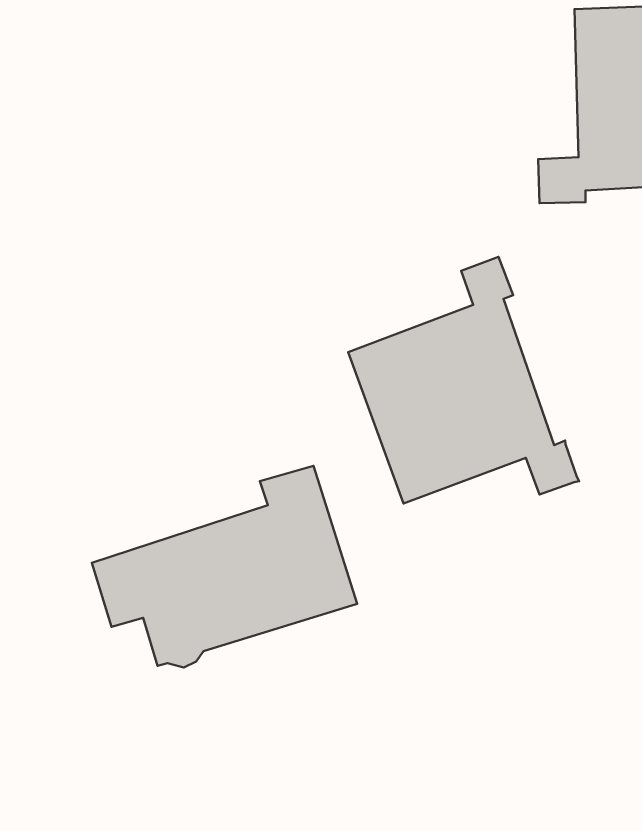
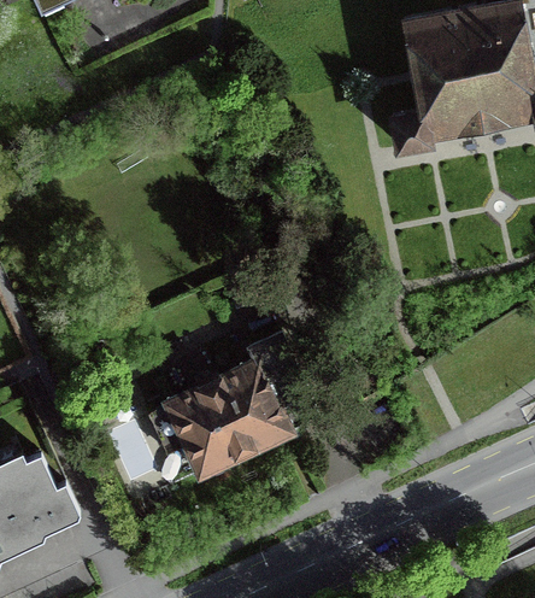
building: [348,257,579,504] -> none

